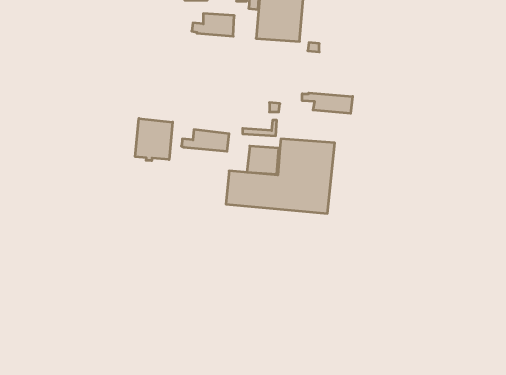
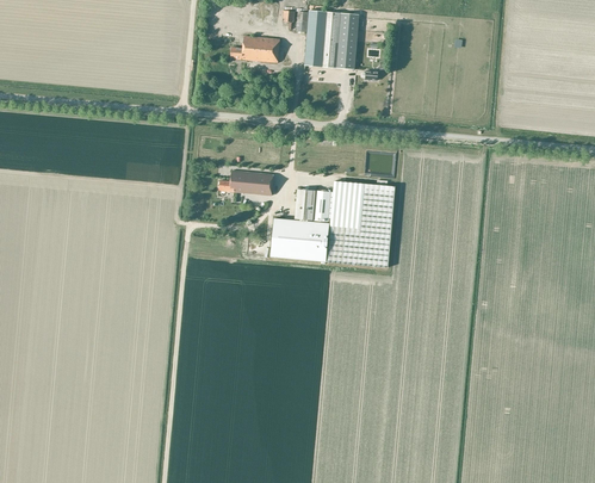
building: [302,93,353,113] -> none
building: [135,118,173,161] -> none

